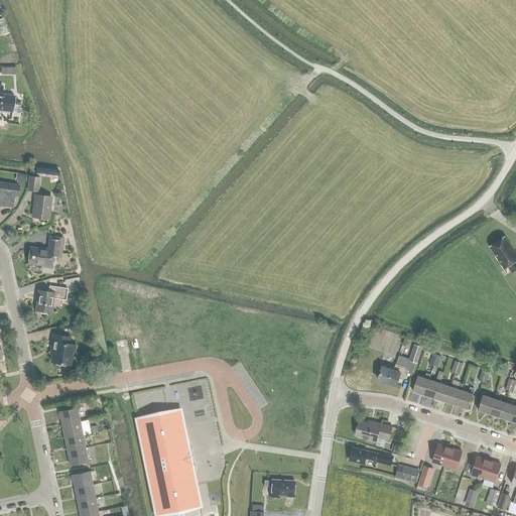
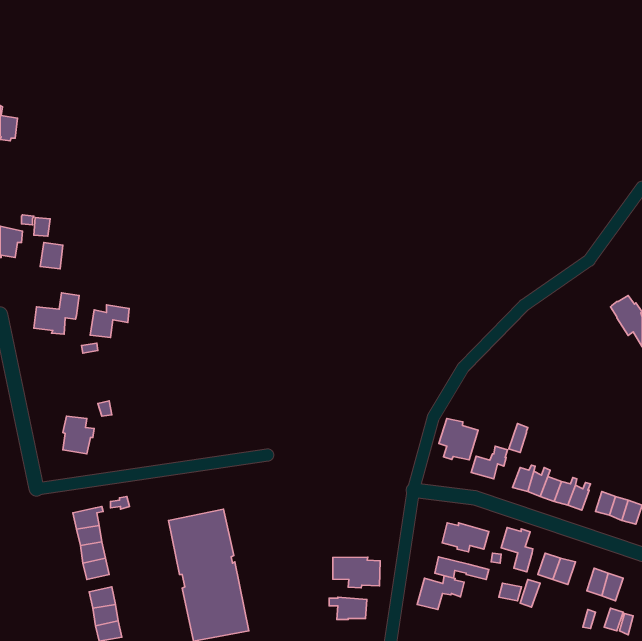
building: [35,285,67,311] -> [90,305,129,338]
building: none -> [439,419,478,460]
building: none -> [501,528,533,572]
building: none -> [333,557,380,588]
building: none -> [417,576,464,610]

